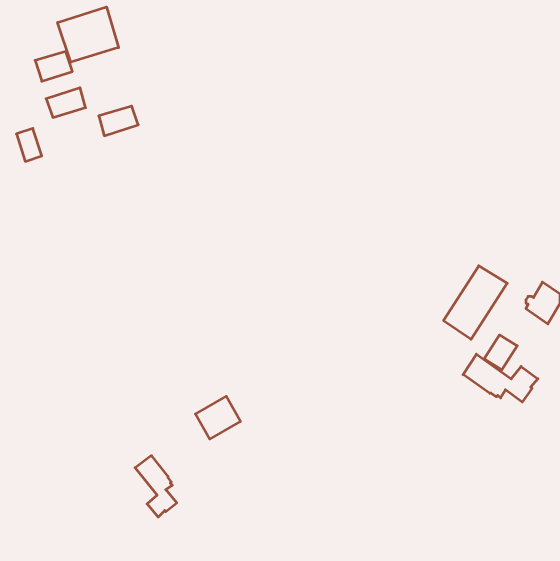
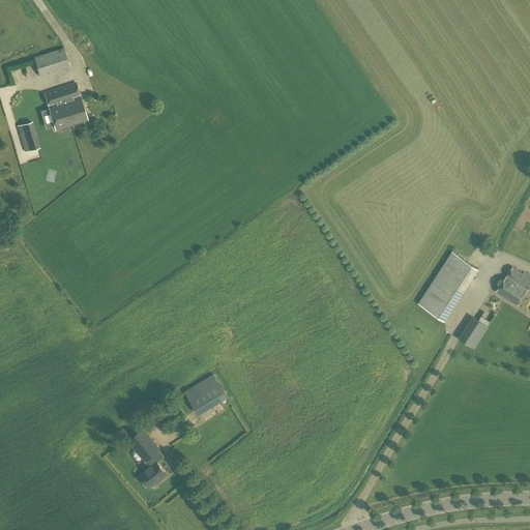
building: [58,7,119,62] -> none
building: [99,106,138,136] -> [50,101,87,129]
building: [463,354,538,402] -> none

